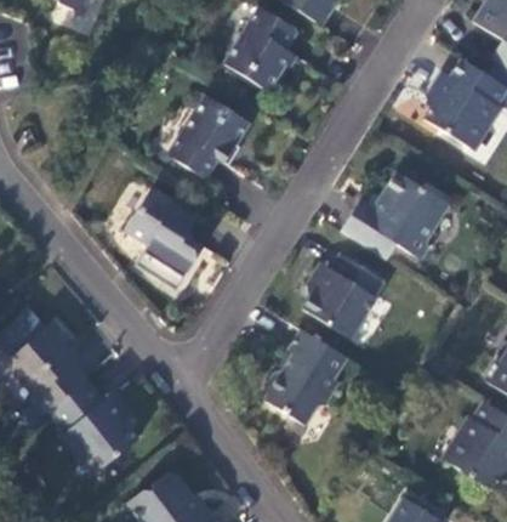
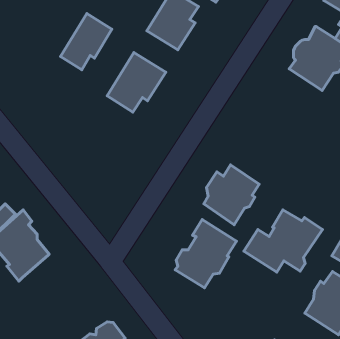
building: none -> [60,13,112,70]
building: [342,172,452,260] -> [244,210,323,272]
building: [125,187,204,273] -> none
building: [50,379,138,469] -> none

